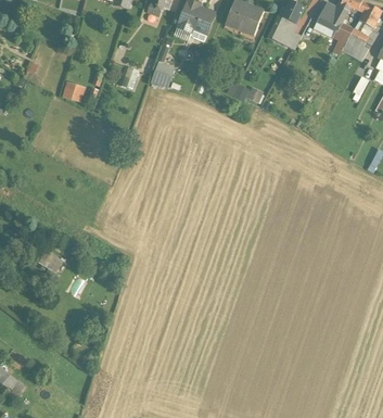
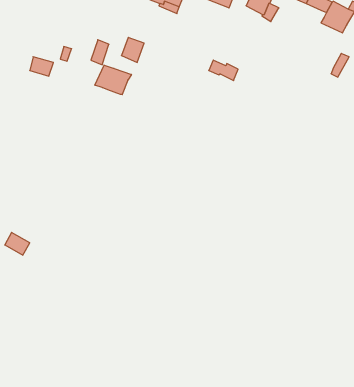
building: none -> [95,65,131,95]

